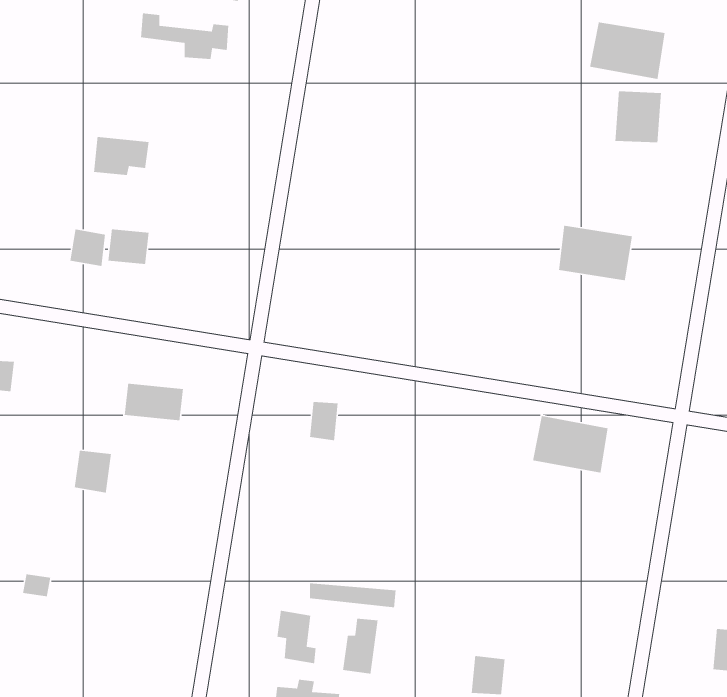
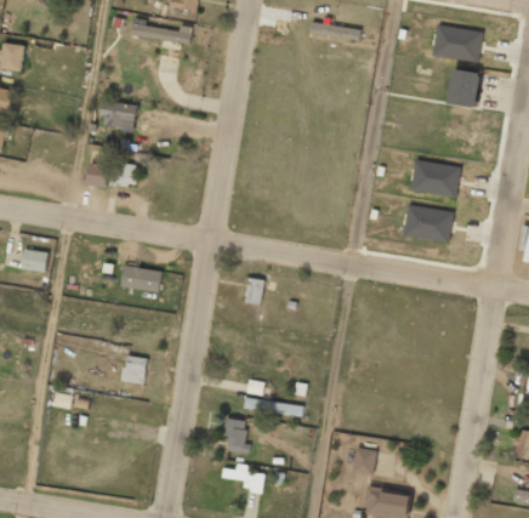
building: [532,415,609,473] -> [403,204,454,243]
building: [74,450,112,493] -> [123,355,148,385]
building: [342,618,378,675] -> none

